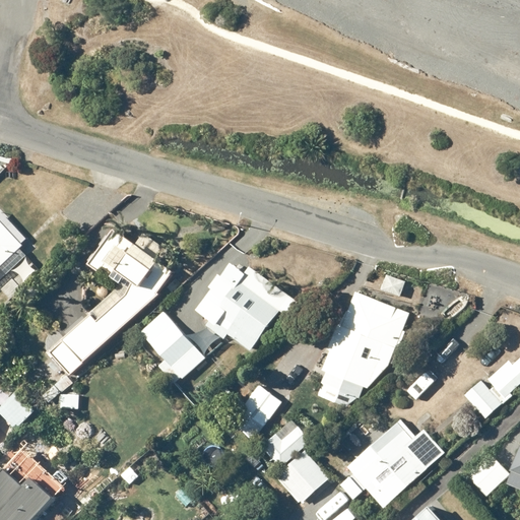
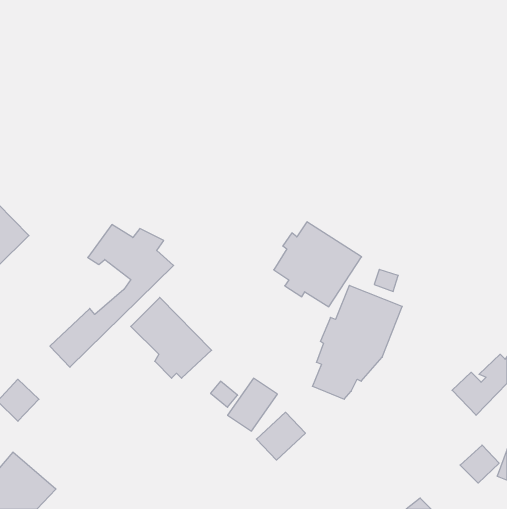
building: [197,261,286,347] -> [274,222,362,307]
building: [339,416,445,509] -> none
building: [275,450,331,506] -> none

